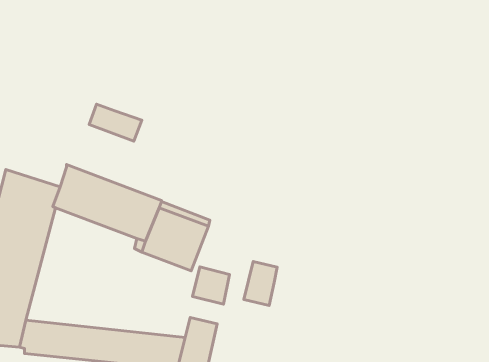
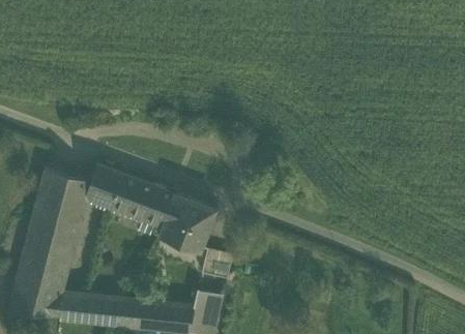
building: [89,104,142,141] -> none
building: [244,261,277,306] -> none

